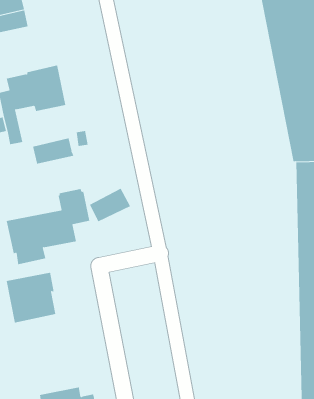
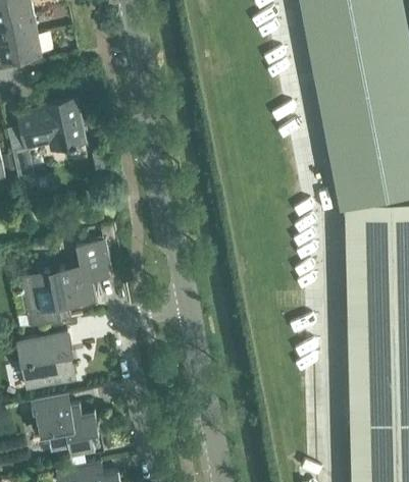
building: [33,137,74,165] -> none
building: [89,188,131,222] -> none
building: none -> [32,396,103,456]

